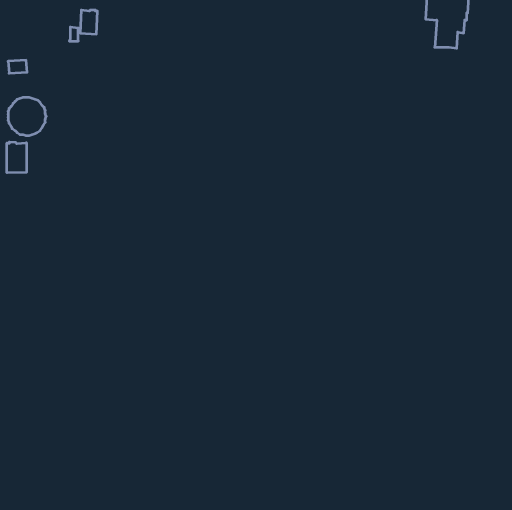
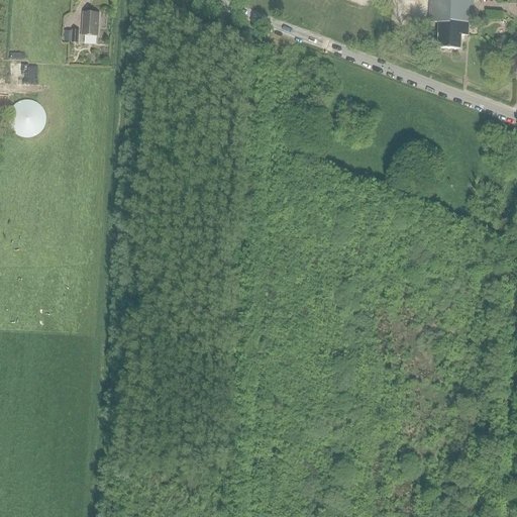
building: [7,142,26,173] -> none

